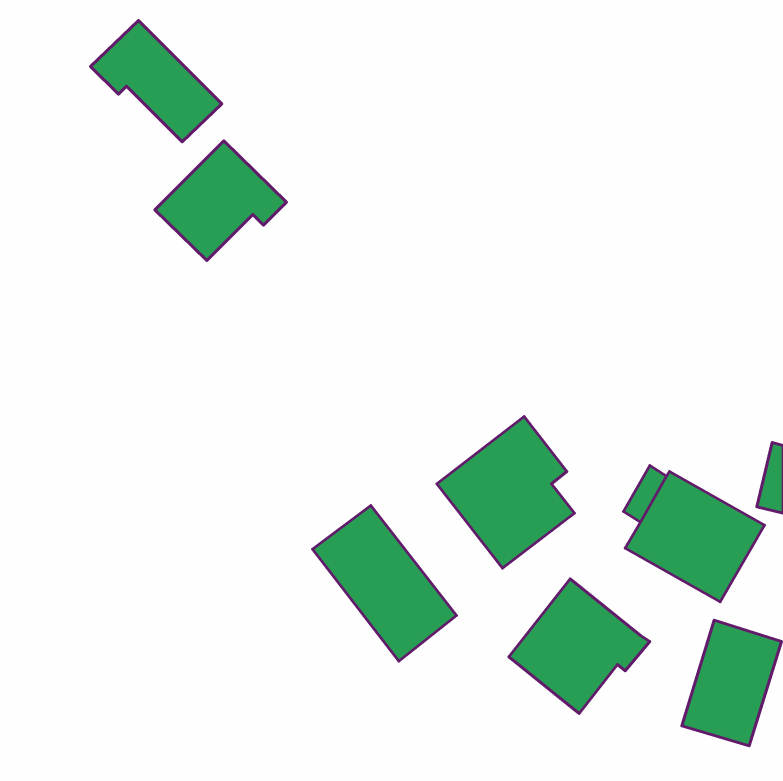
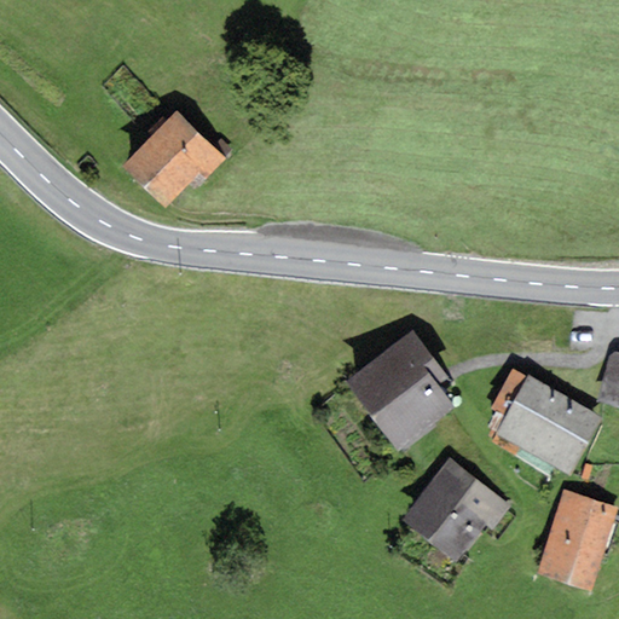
building: [91,21,222,142] -> none
building: [313,505,456,661] -> none

